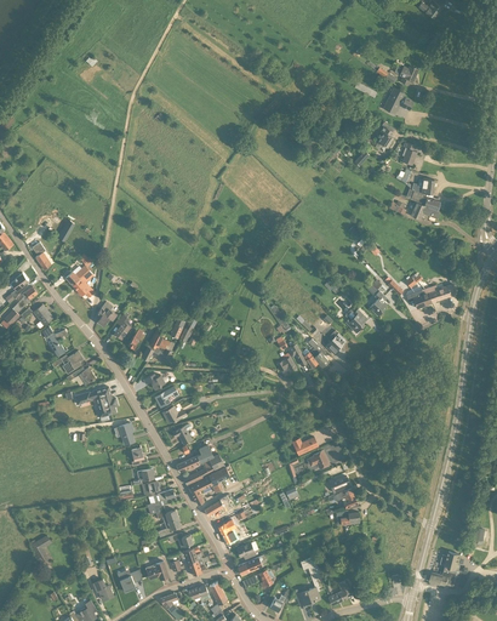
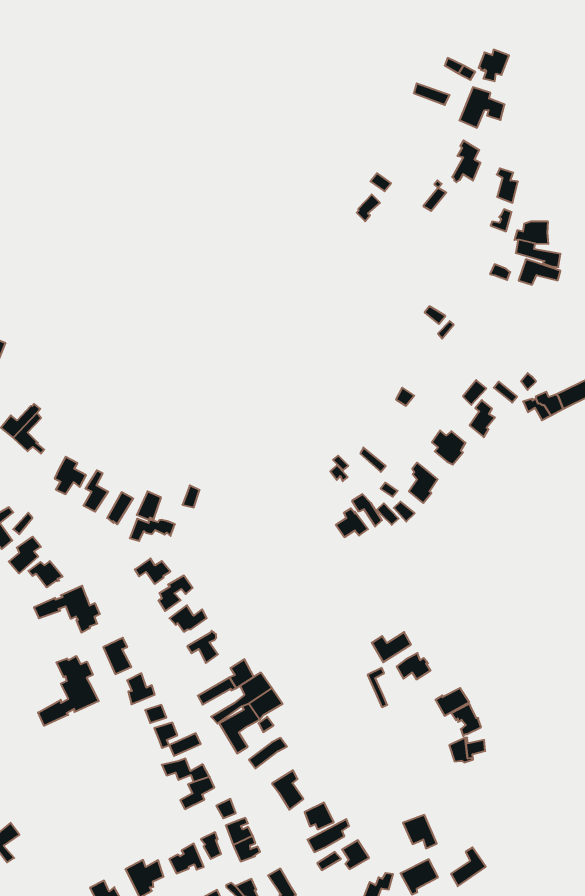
building: none -> [38,656,99,726]

